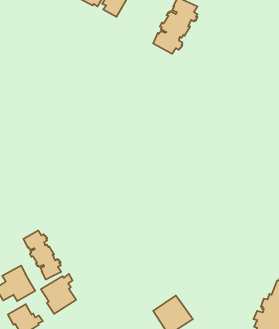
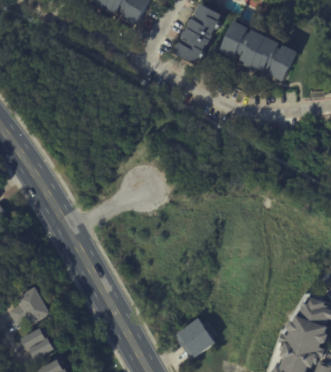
building: none -> [217,20,296,80]
building: [24,231,61,279] -> none
building: [41,274,76,314] -> none

